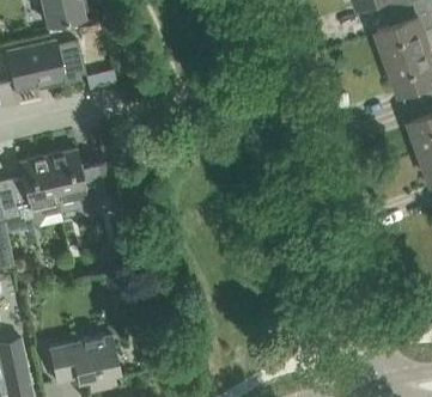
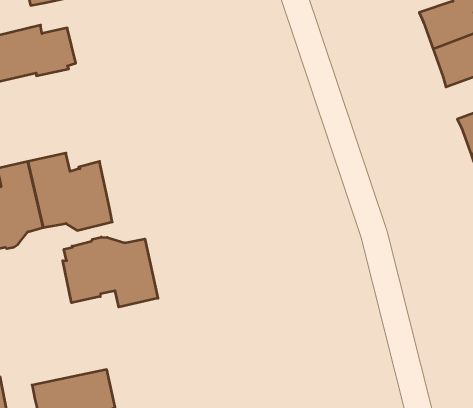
building: none -> [63,237,158,307]

